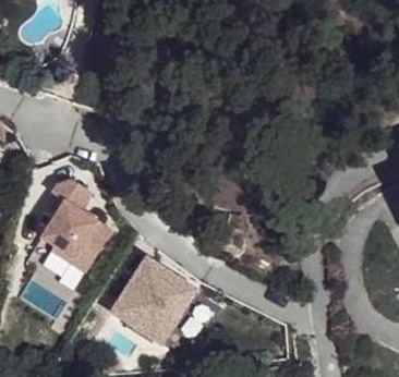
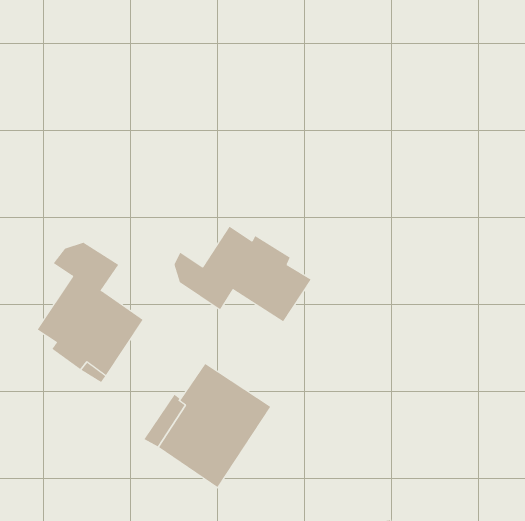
building: none -> [174,226,311,322]

